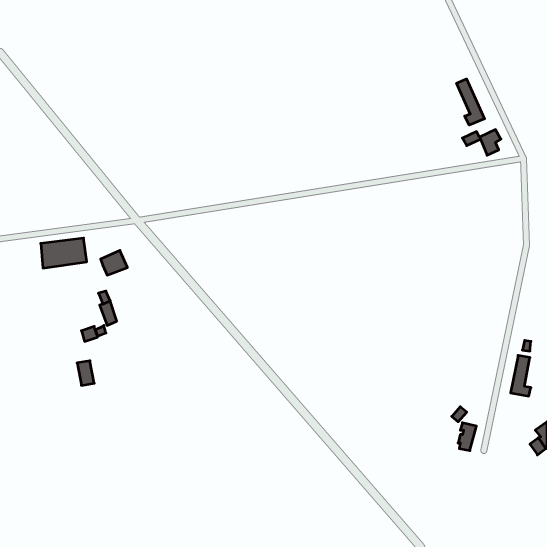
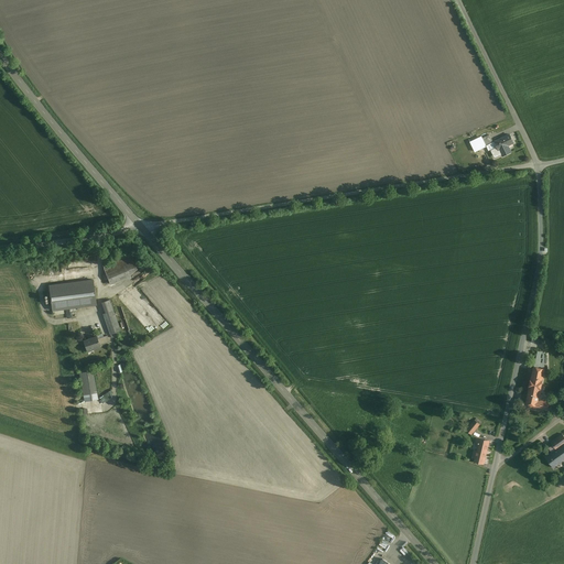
building: [457,79,485,125] -> none
building: [41,238,87,268] -> [50,280,97,311]

